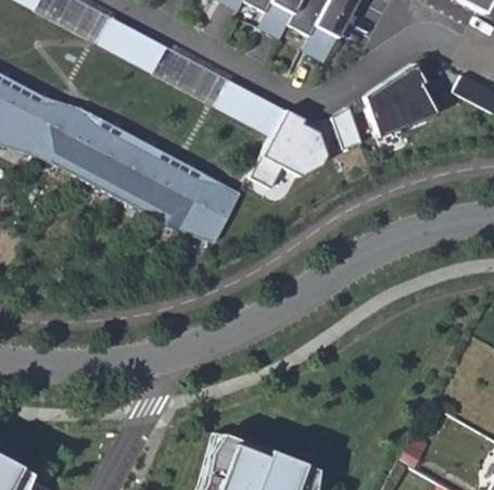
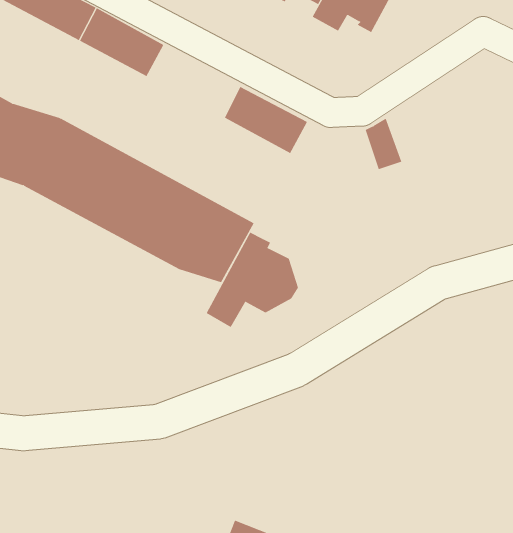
building: [154,48,230,108] -> none
building: [365,63,439,142] -> none
building: [250,111,326,189] -> [206,232,299,328]

